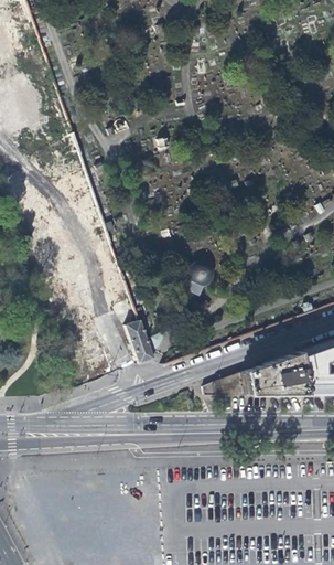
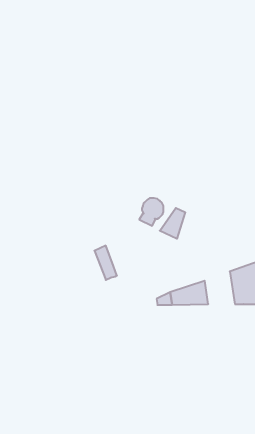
building: none -> [160,208,185,239]
building: [266,352,304,394] -> none

